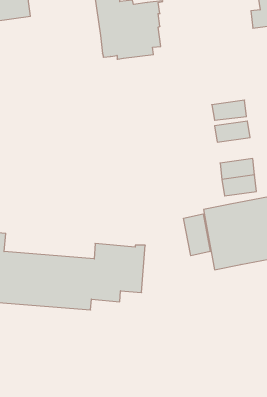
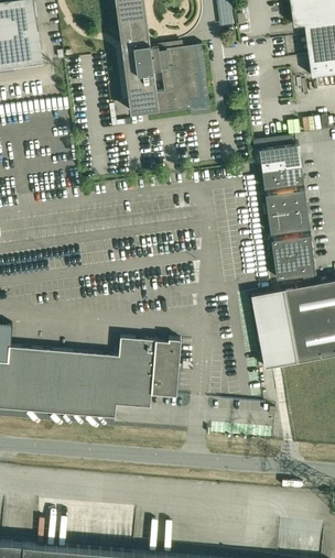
building: none -> [259,144,301,169]
building: none -> [268,209,310,234]
building: [184,214,210,256] -> none

